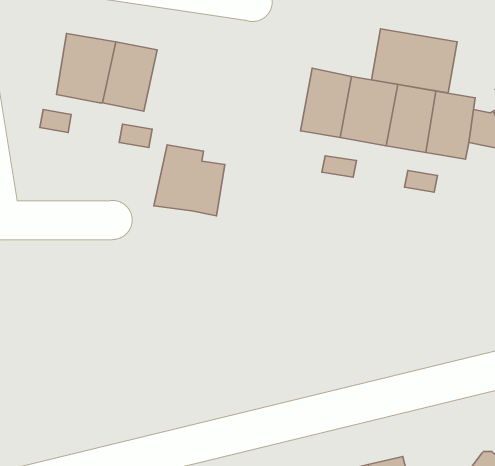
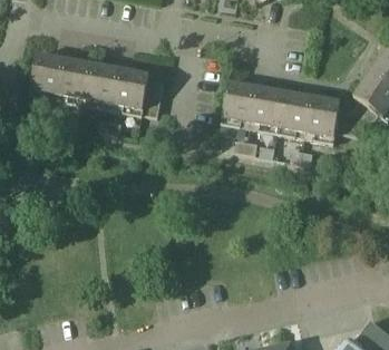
building: none -> [30,52,64,98]
building: [371,29,457,93] -> none
building: [154,145,225,216] -> [116,68,164,116]

